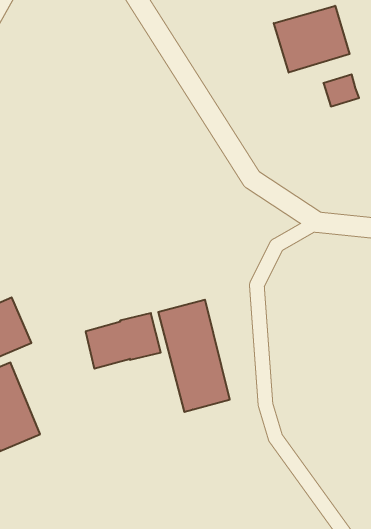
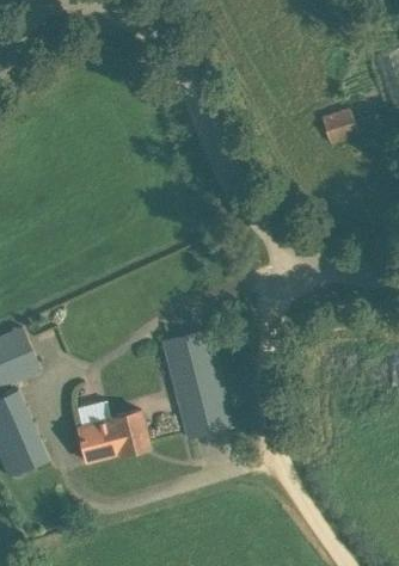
building: [274,6,350,73] -> none
building: [86,313,161,369] -> [78,410,151,463]

